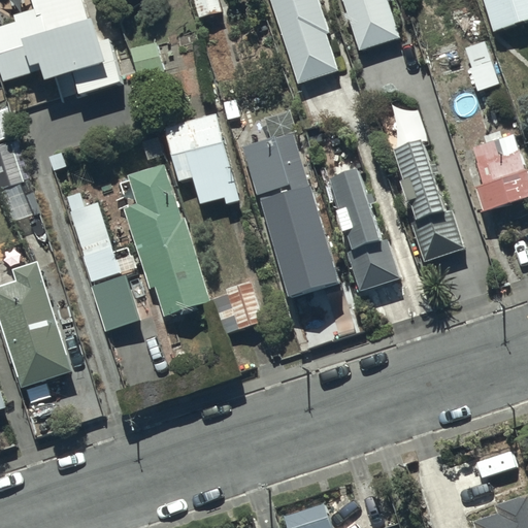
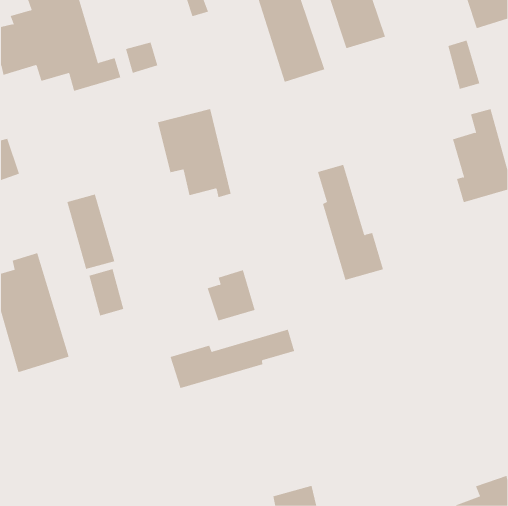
building: [248,131,339,296] -> none
building: [392,140,465,260] -> none
building: [124,166,209,316] -> none
building: none -> [170,329,295,389]

